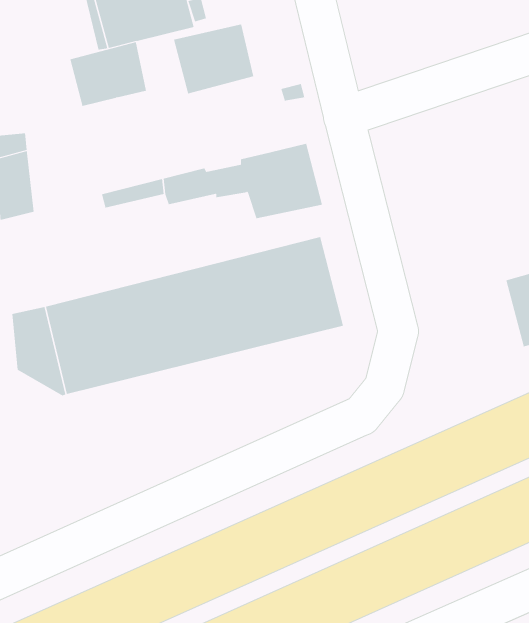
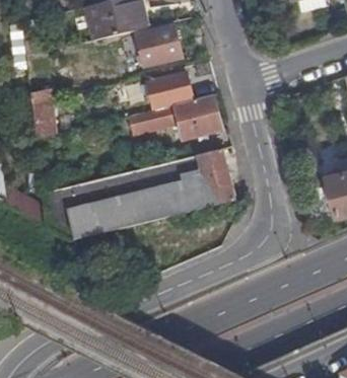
building: [70,42,147,107] -> [148,72,193,109]

